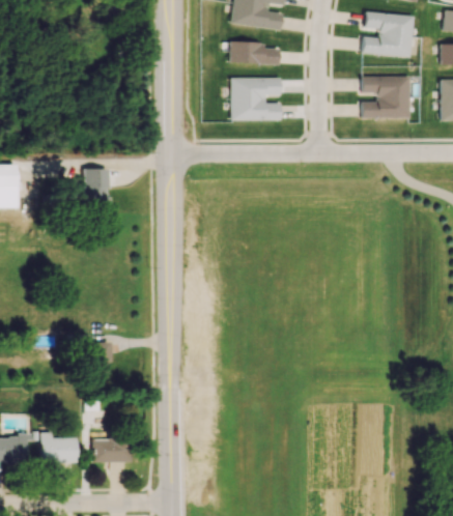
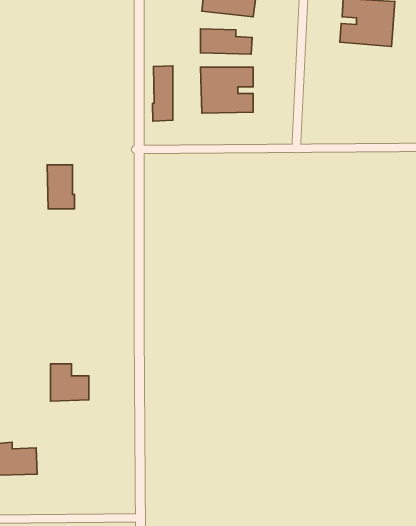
building: none -> [152,66,173,121]
building: [361,76,409,118] -> none
building: [92,427,129,462] -> [51,364,89,401]

